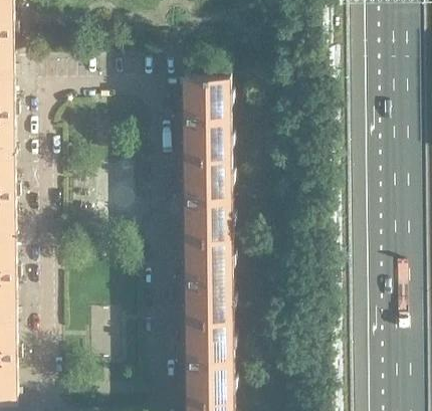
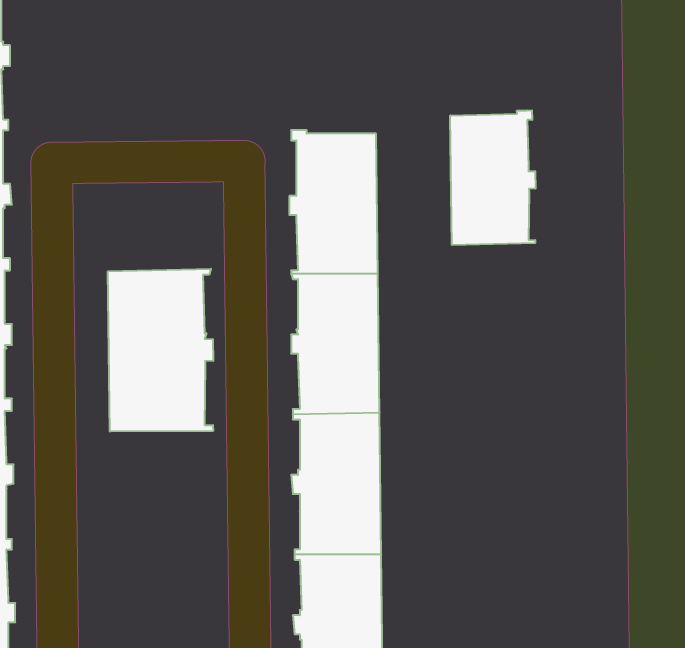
building: none -> [450,110,536,245]
building: none -> [108,269,213,432]

